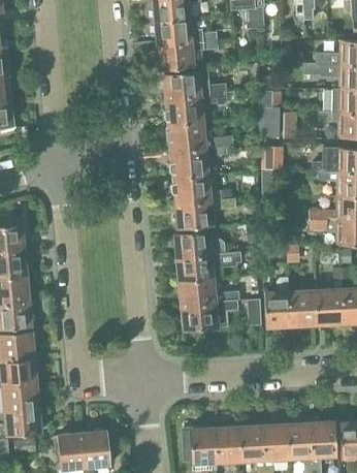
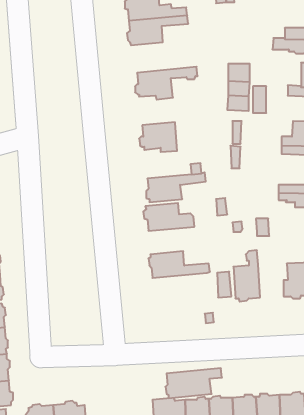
building: [162,71,226,99] -> none
building: [166,122,233,152] -> none
building: [170,175,209,206] -> none
building: [176,253,239,282] -> none
building: [288,291,318,327] -> none
building: [181,301,237,330] -> [165,368,222,398]

